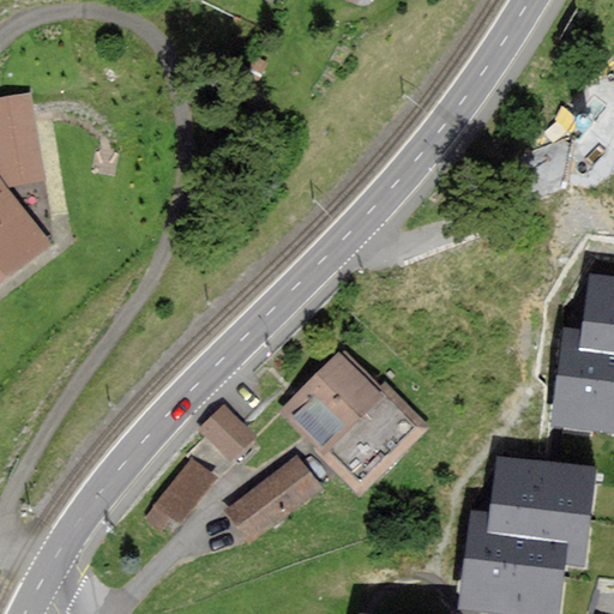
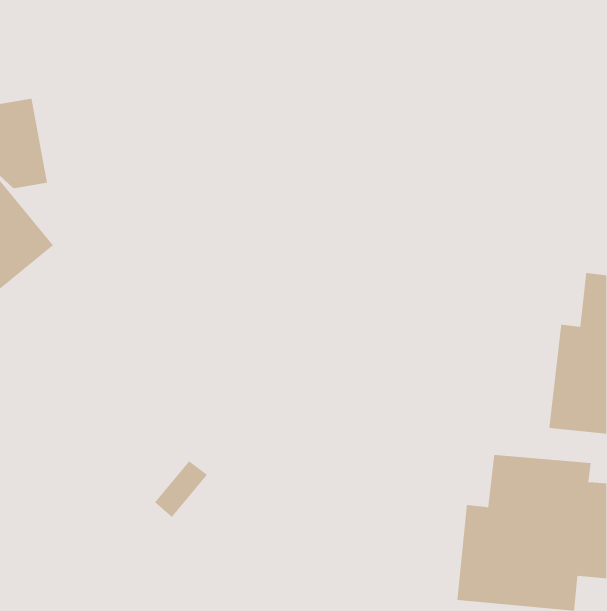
building: [284,353,419,488] -> none
building: [200,407,248,455] -> none
building: [229,460,313,534] -> none

